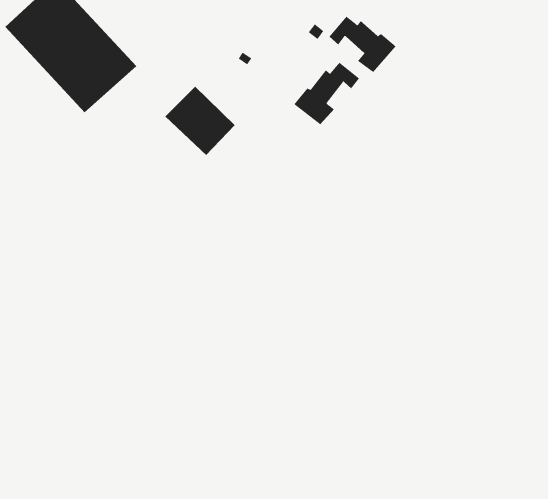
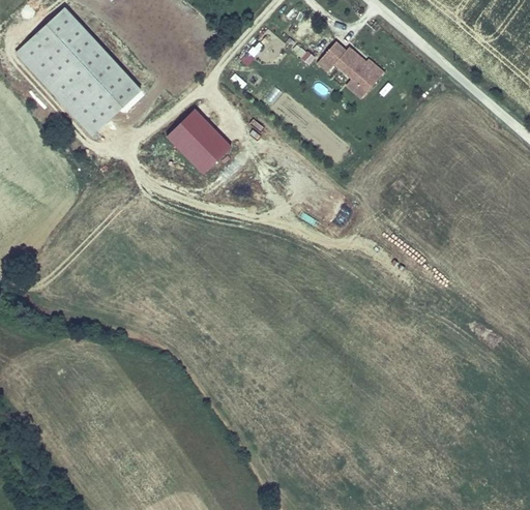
building: [294,62,360,125] -> none

